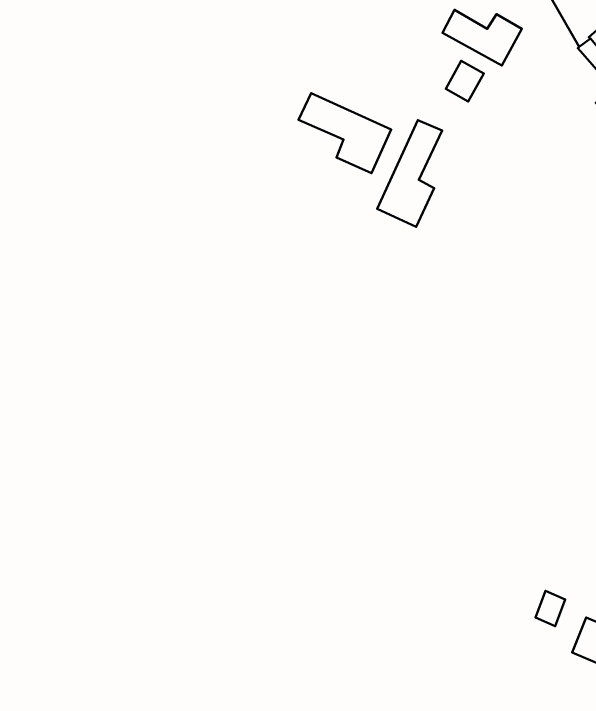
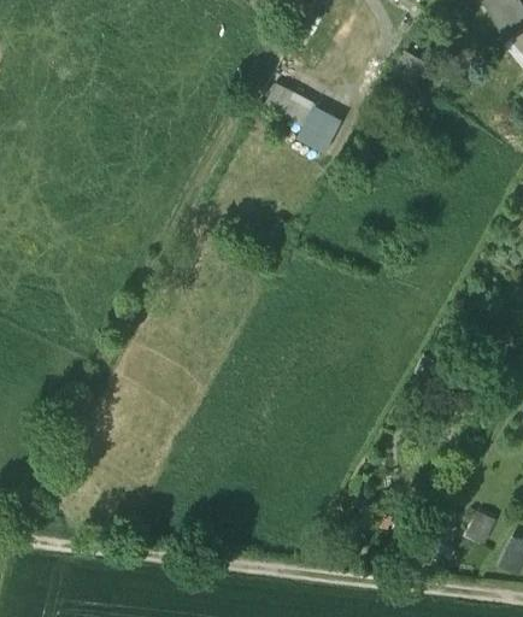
building: [442,10,522,65] -> none
building: [377,120,442,227] -> none

